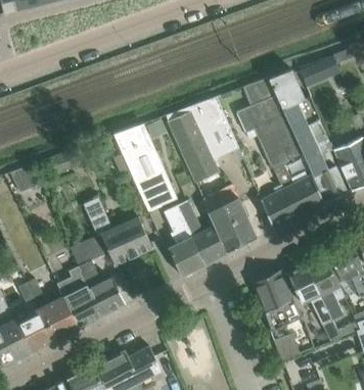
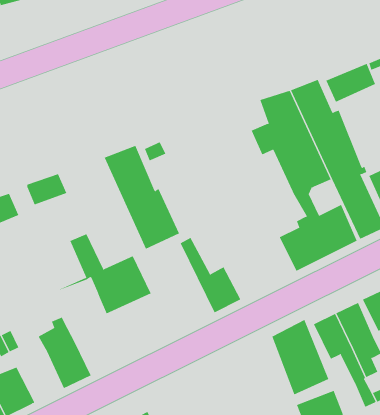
building: [166,96,239,182] -> none
building: [203,185,258,252] -> none
building: [163,206,206,276] -> none
building: [70,235,126,316] -> none
building: [41,296,80,339] -> none

